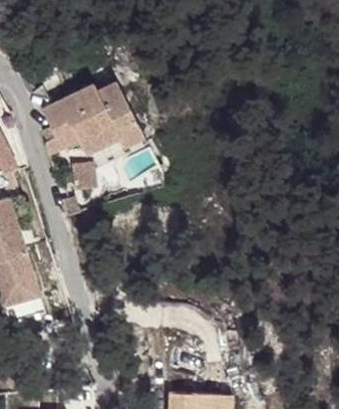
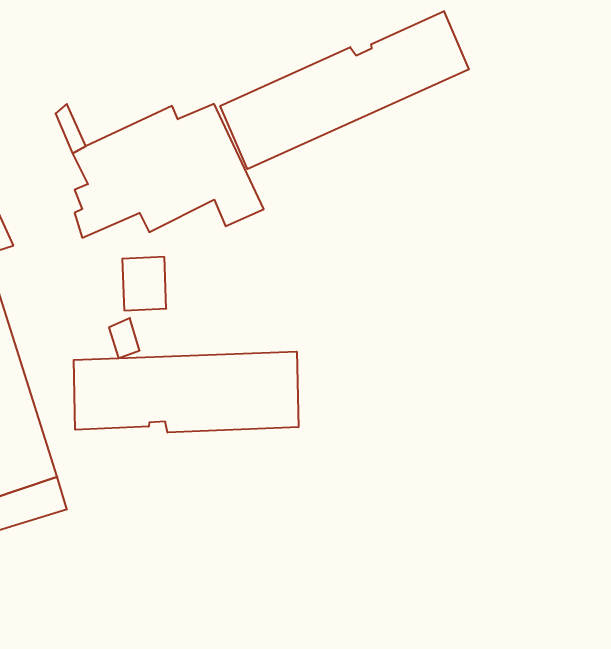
building: none -> [220,11,469,169]
building: none -> [74,352,298,433]

